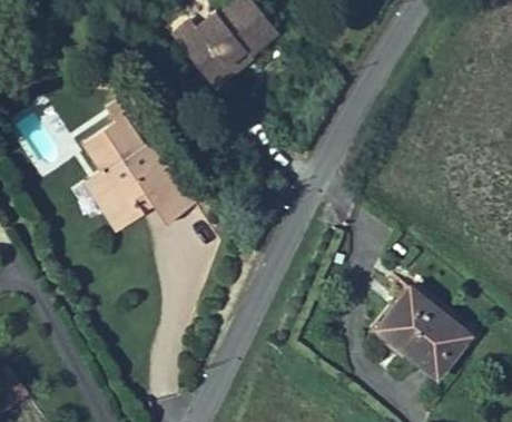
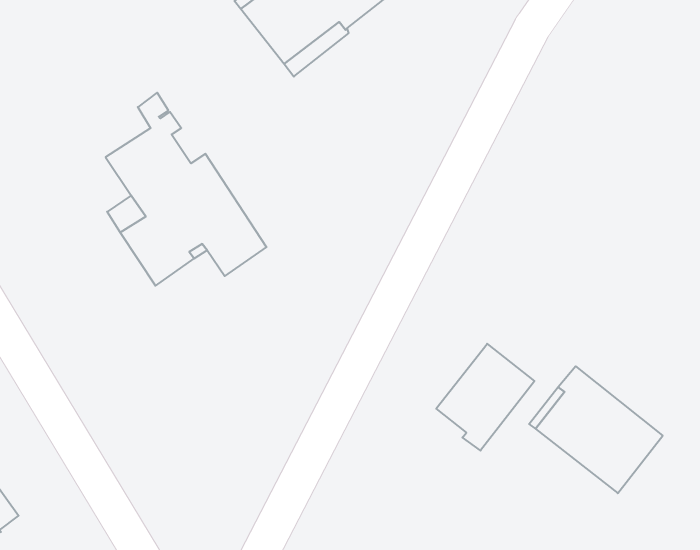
building: none -> [436,344,534,451]

